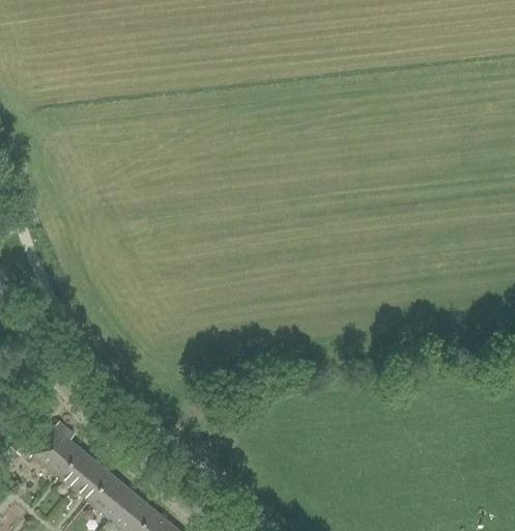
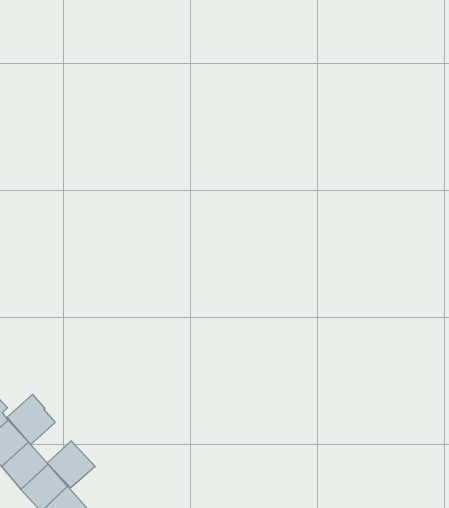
building: none -> [7,394,55,444]
building: none -> [47,441,95,488]

